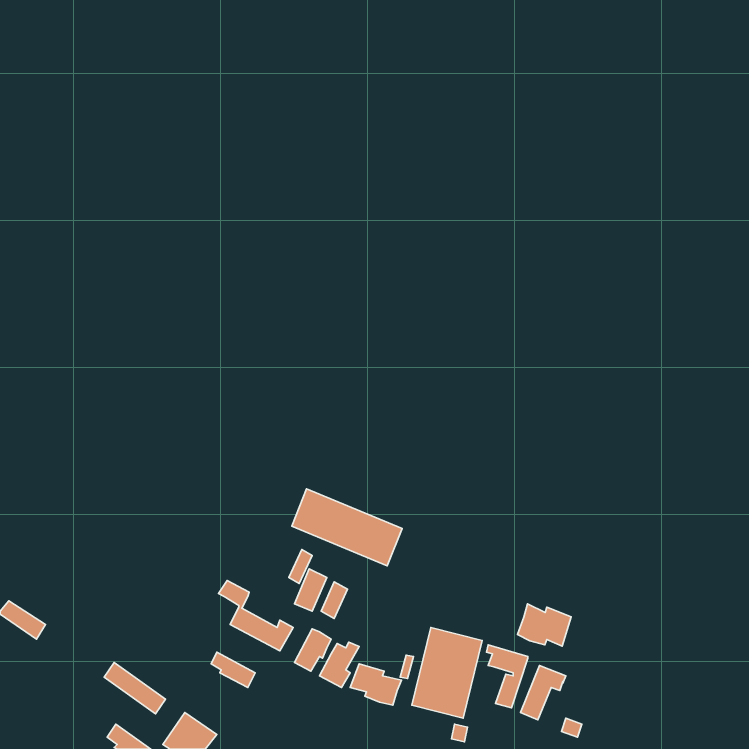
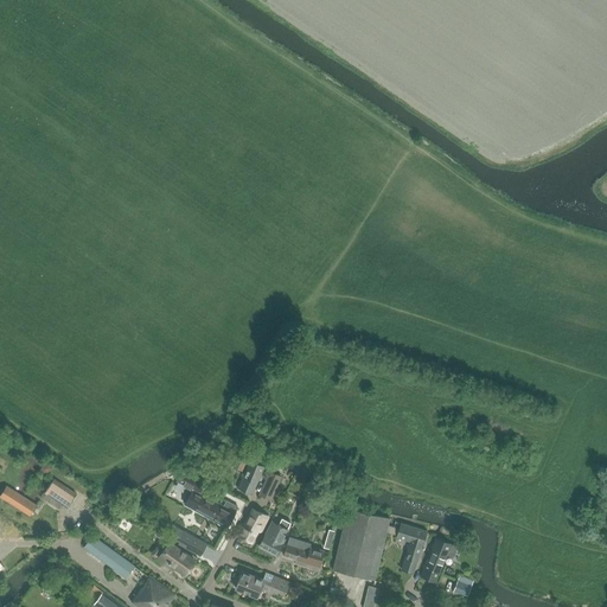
building: [292,489,402,566] -> none
building: none -> [41,479,76,509]
building: [518,604,571,646] -> none
building: none -> [153,531,194,574]
building: none -> [236,571,288,598]

